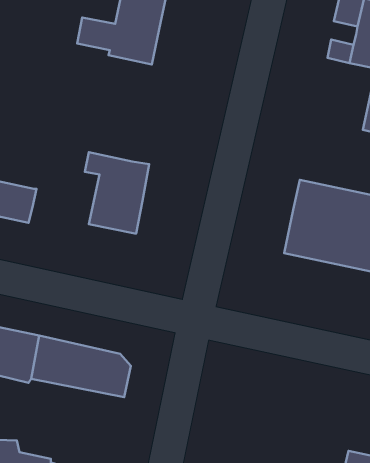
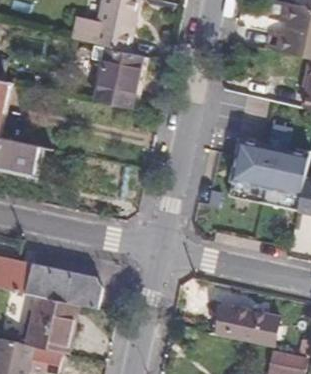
building: [85,152,149,233] -> [91,46,140,108]
building: none -> [24,293,85,352]
building: none -> [216,306,280,347]

